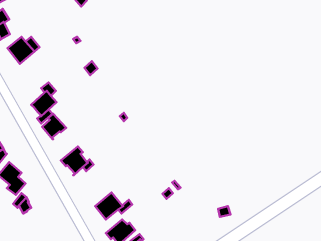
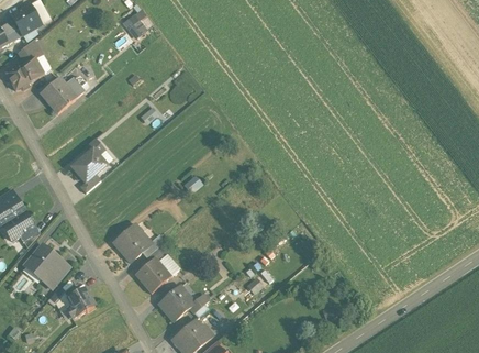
building: [42,114,66,139] -> none
building: none -> [133,253,179,293]
building: none -> [66,288,93,319]

